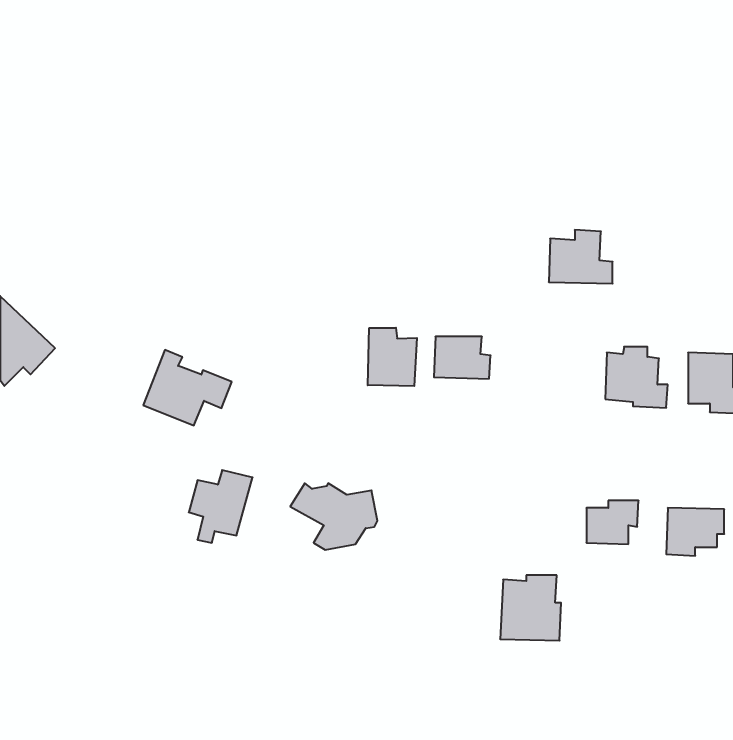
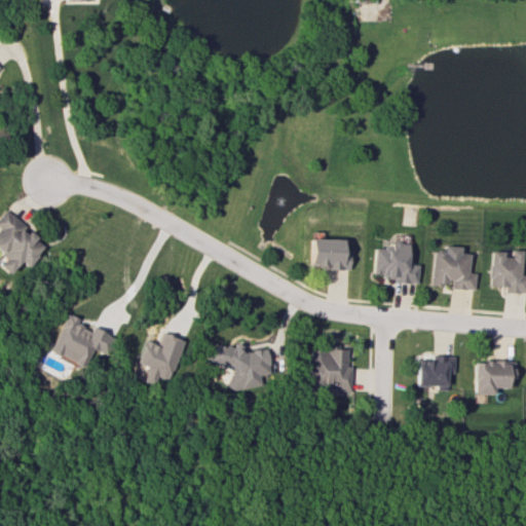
building: [549,230,613,284] -> [376,242,421,280]
building: [368,328,417,386] -> none
building: [143,350,232,425] -> [52,313,115,367]
building: [500,575,561,641] -> [311,346,354,392]

